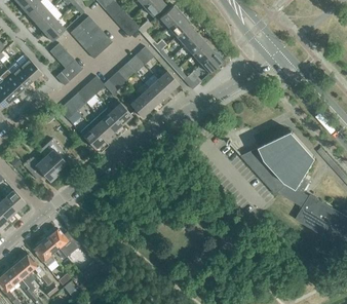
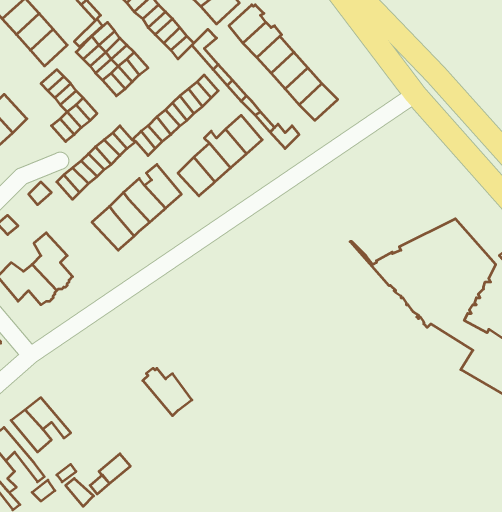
building: [49,228,78,256] -> [143,368,192,416]

